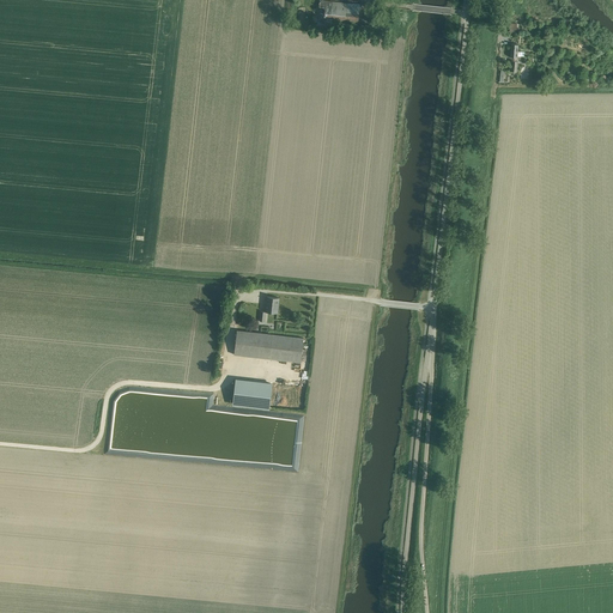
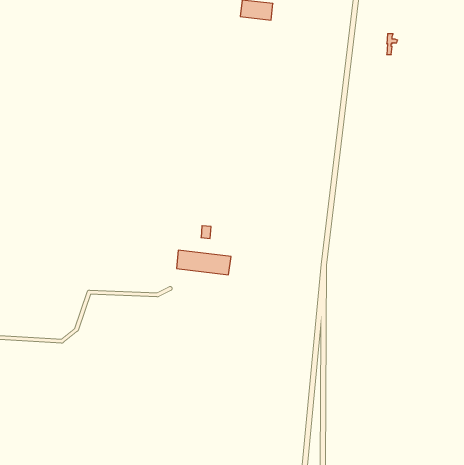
building: [231,380,271,408] -> none

